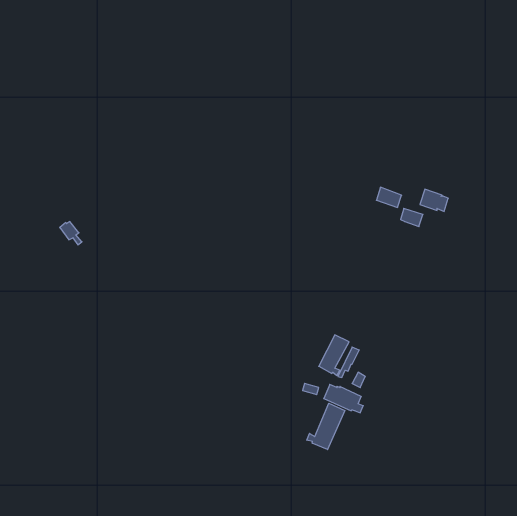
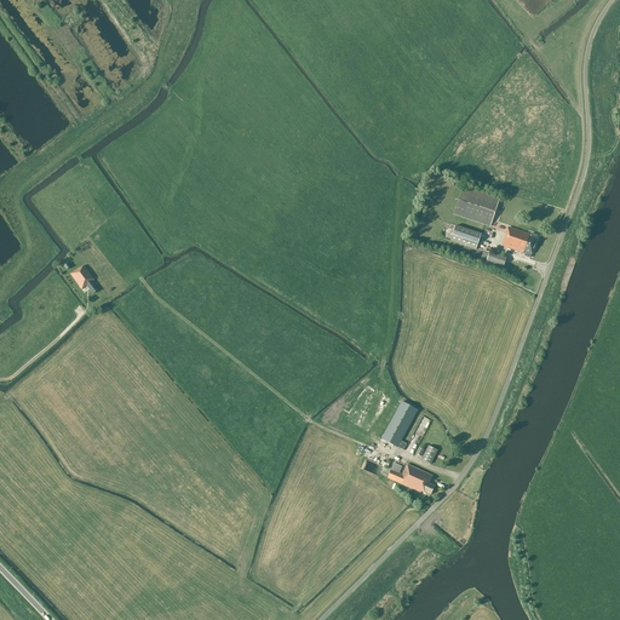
building: none -> [453,185,499,225]
building: [307,403,345,450] -> none

